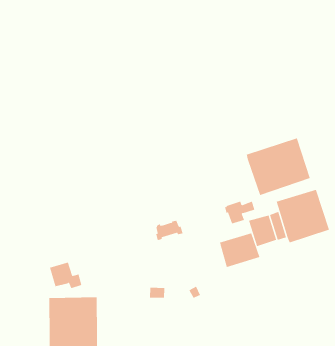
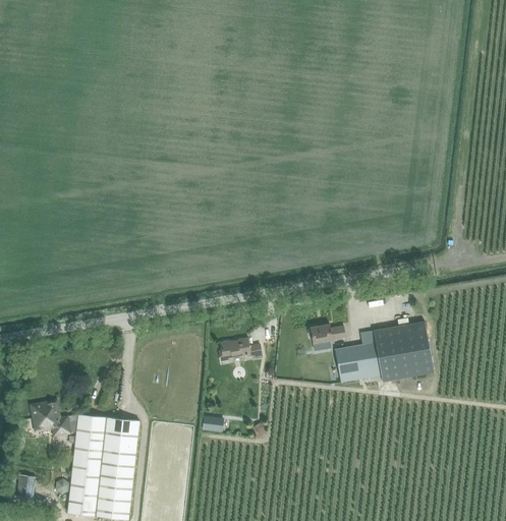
building: [246,138,310,196] -> none
building: [219,232,260,268] -> none
building: [49,262,82,289] -> [31,401,68,435]

